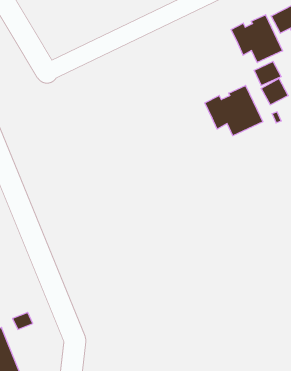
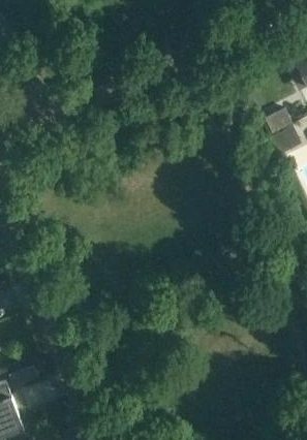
building: [231,15,283,63] -> none
building: [205,85,263,136] -> none

